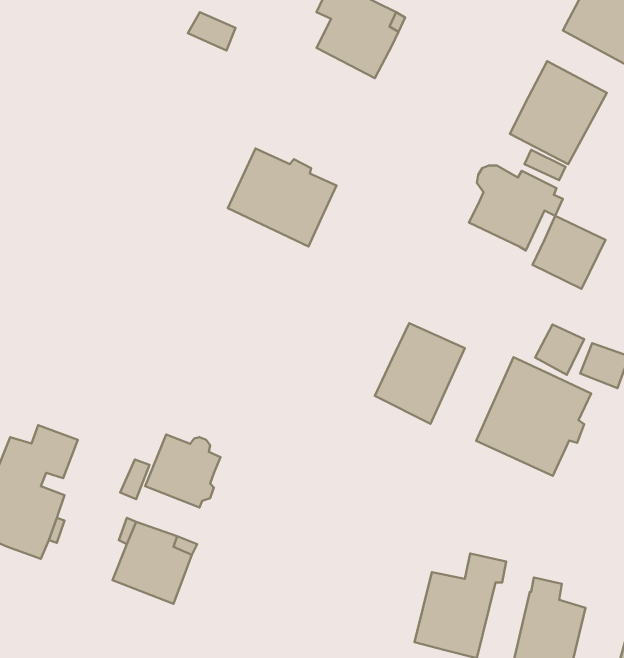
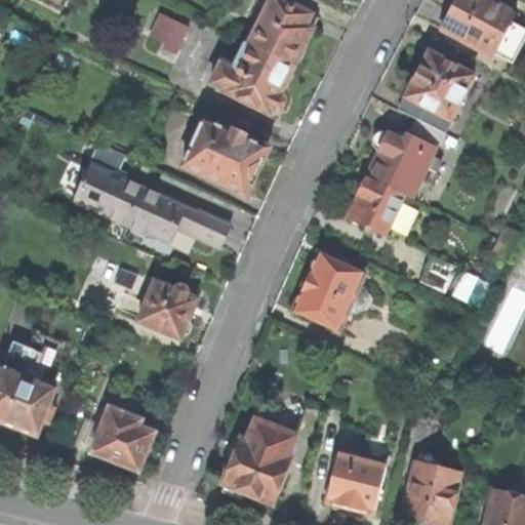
building: none -> [211,39,294,113]
building: none -> [74,139,223,241]
building: [533,216,605,289] -> [350,175,406,232]
building: [476,357,591,476] -> none
building: [145,435,221,507] -> [138,281,197,337]
building: none -> [221,405,299,502]

